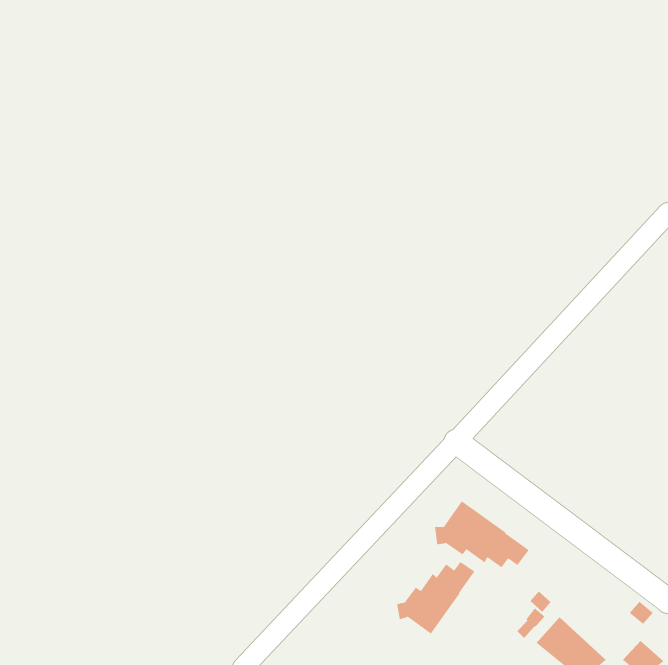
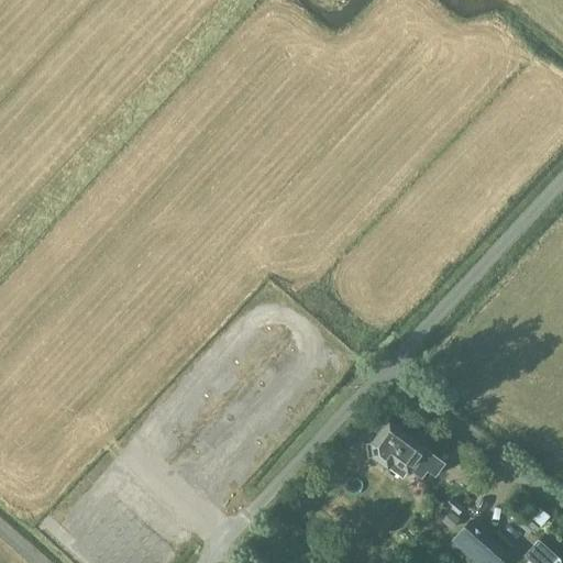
building: [396,561,475,635] -> none

